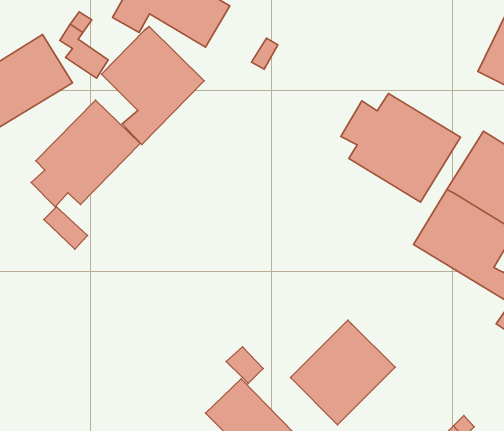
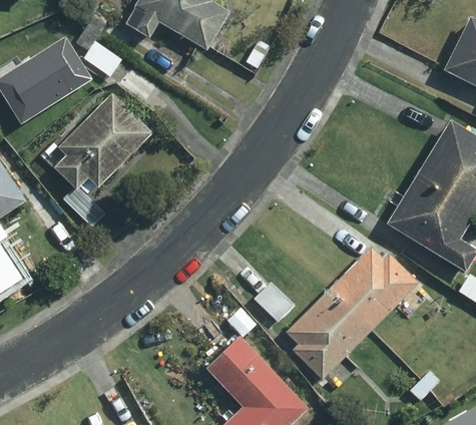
building: [101,27,204,144] -> none
building: [341,94,460,202] -> none
building: none -> [331,249,417,328]

